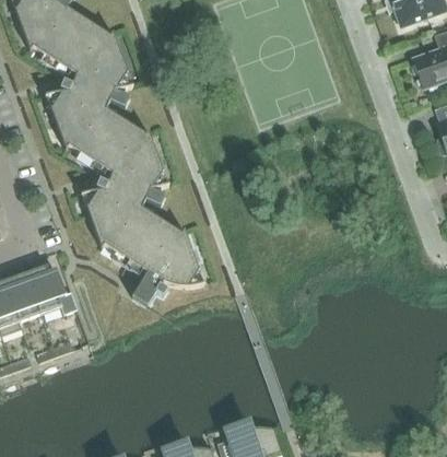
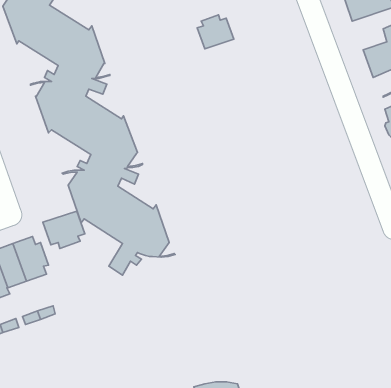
building: none -> [197,15,234,49]
building: none -> [43,211,85,248]

